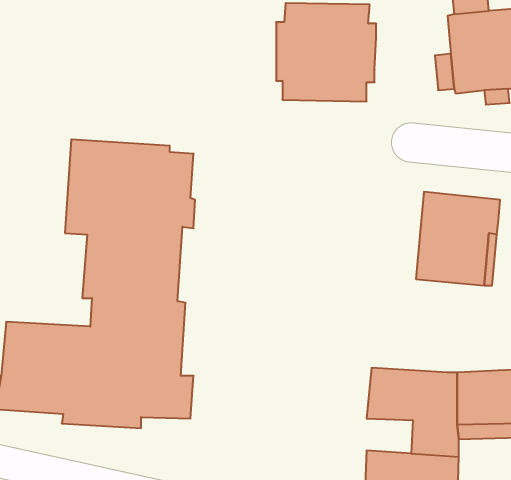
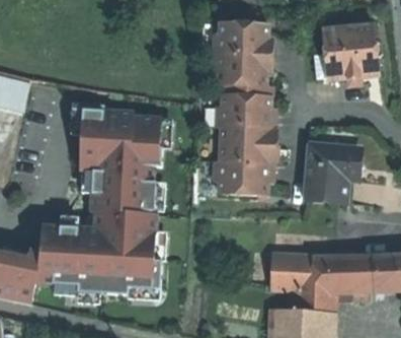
building: none -> [214,92,274,192]

